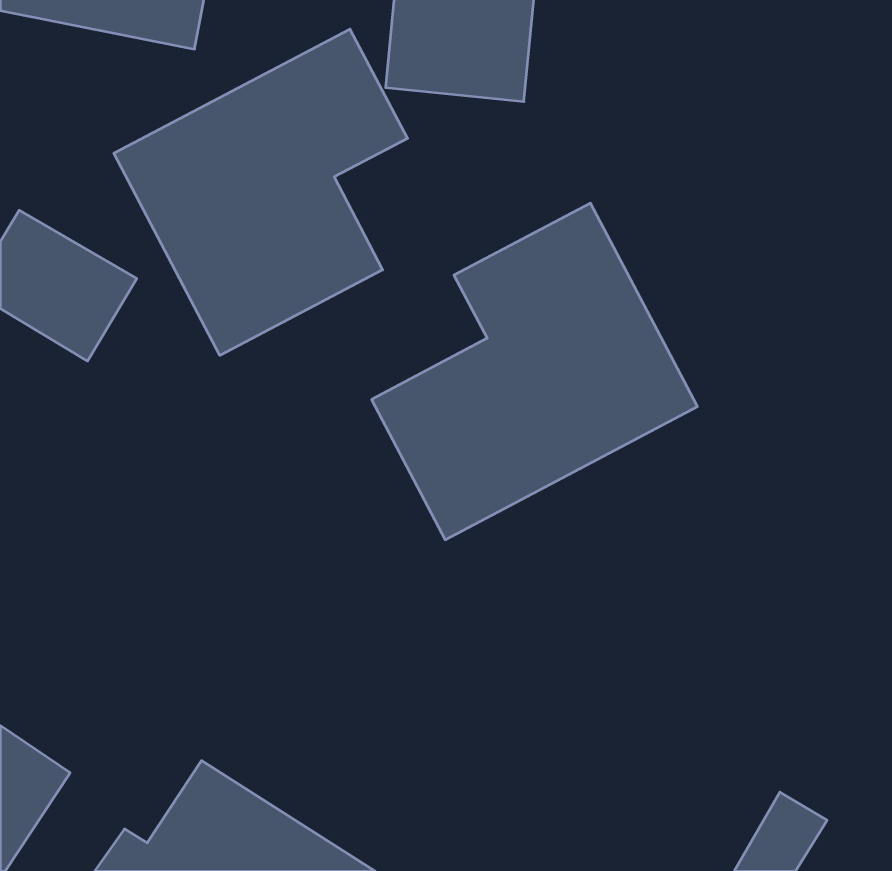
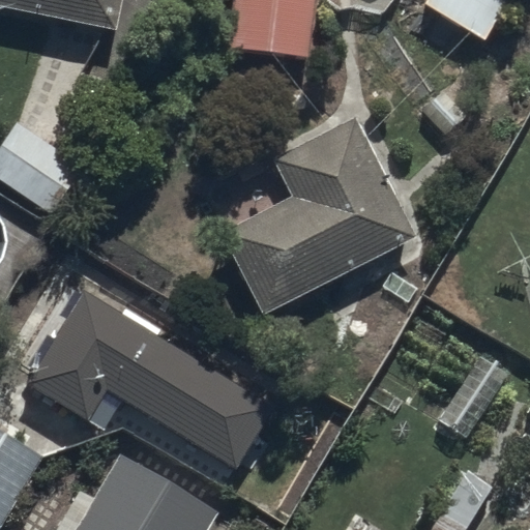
building: [114,29,408,355] -> none
building: none -> [23,292,273,470]

